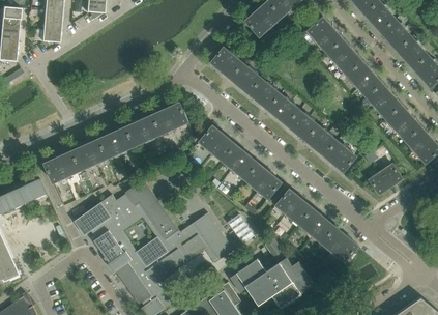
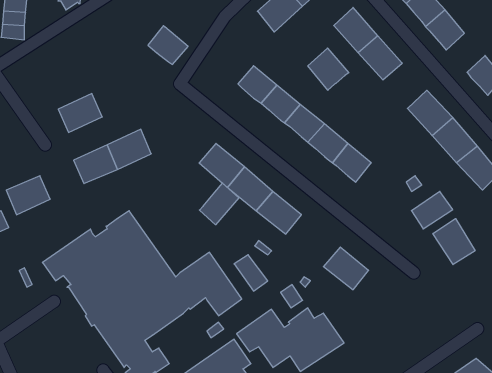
building: [397,37,428,68] -> none
building: [210,47,242,78] -> [148,26,188,64]
building: none -> [308,48,349,90]
building: [346,61,381,97] -> none
building: [152,103,187,134] -> none
building: [71,139,107,170] -> [58,94,102,132]
building: [324,141,355,172] -> none
building: none -> [199,183,239,225]
building: none -> [433,219,475,265]
building: [275,189,312,224] -> none
building: [322,227,357,262] -> none

